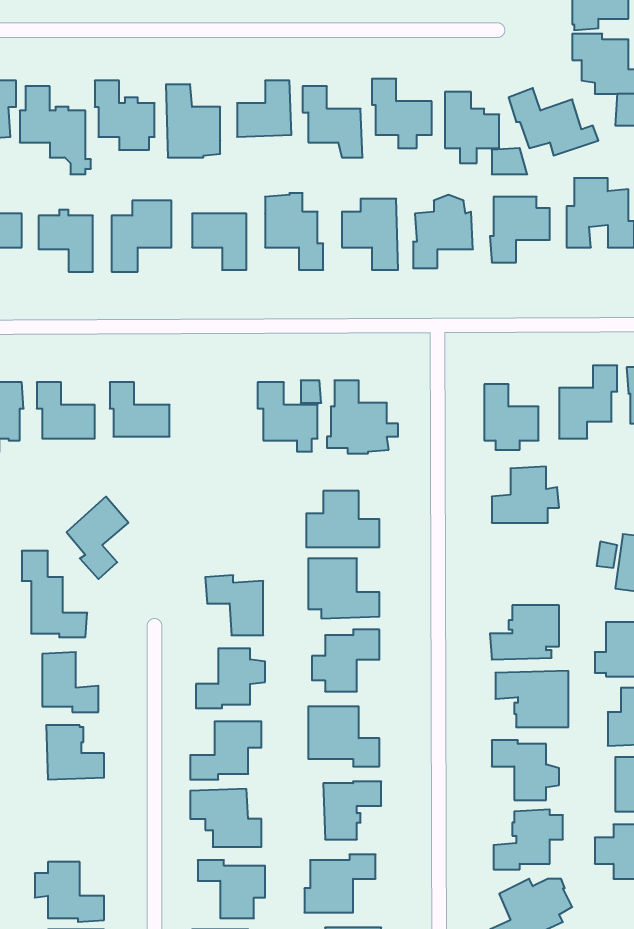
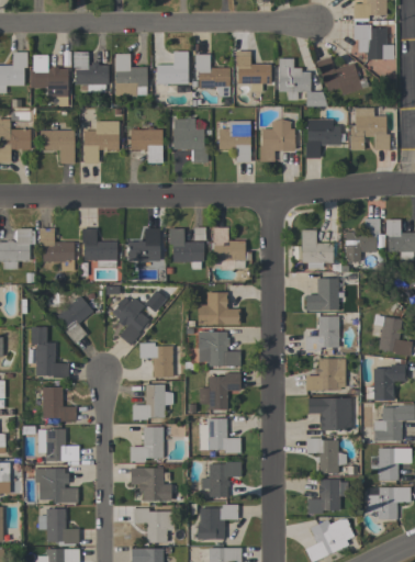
building: none -> [128,227,160,261]
building: none -> [112,294,149,346]
building: none -> [305,316,339,351]
building: none -> [35,469,78,503]

